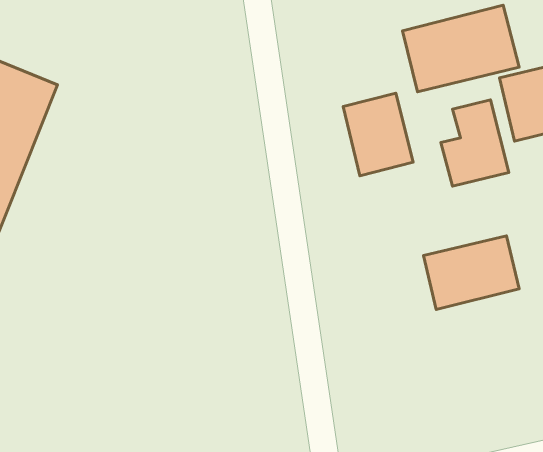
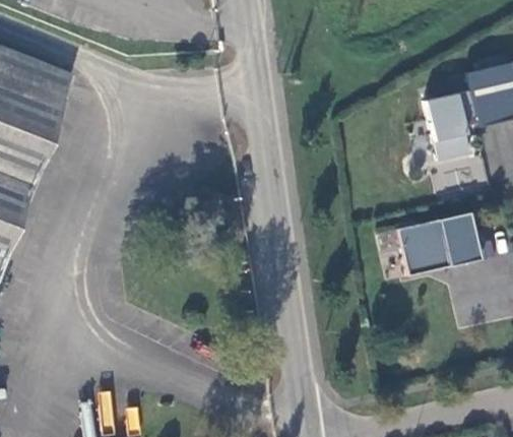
building: [402,5,519,92] -> none
building: [343,93,413,176] -> none

